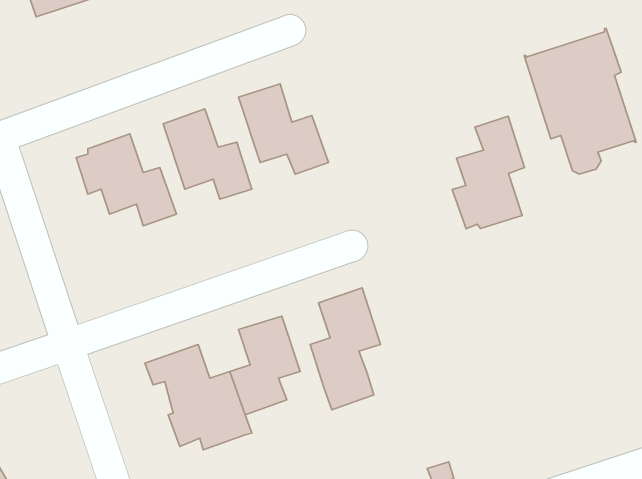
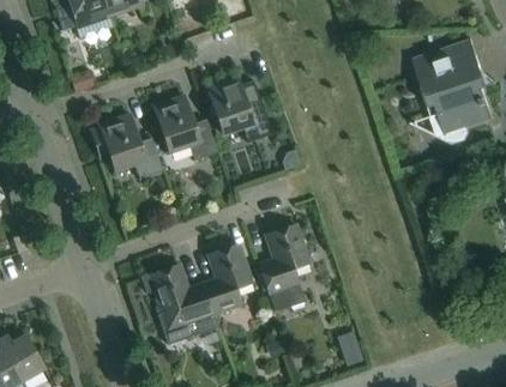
building: [452,116,524,229] -> none

